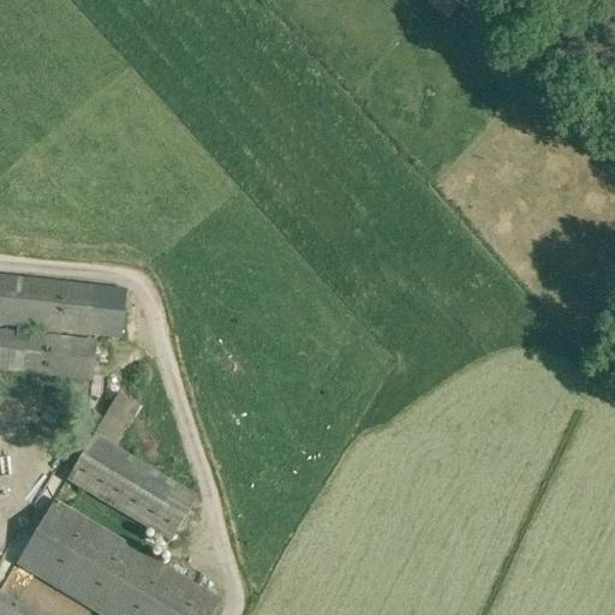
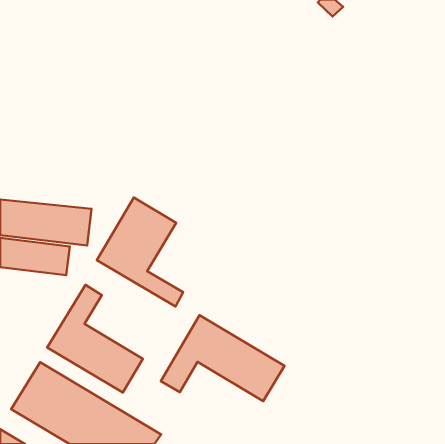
building: none -> [97,198,183,306]
building: none -> [161,315,284,401]

